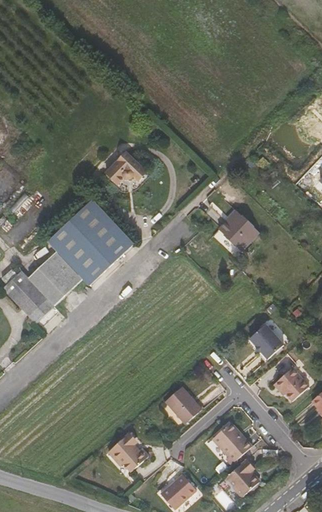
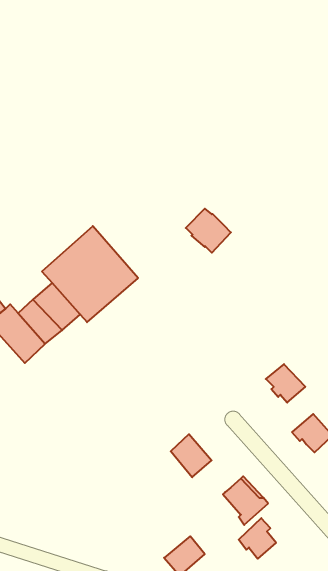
building: [106,154,147,185] -> none
building: [218,212,258,251] -> [186,209,231,253]
building: [110,431,150,467] -> none

